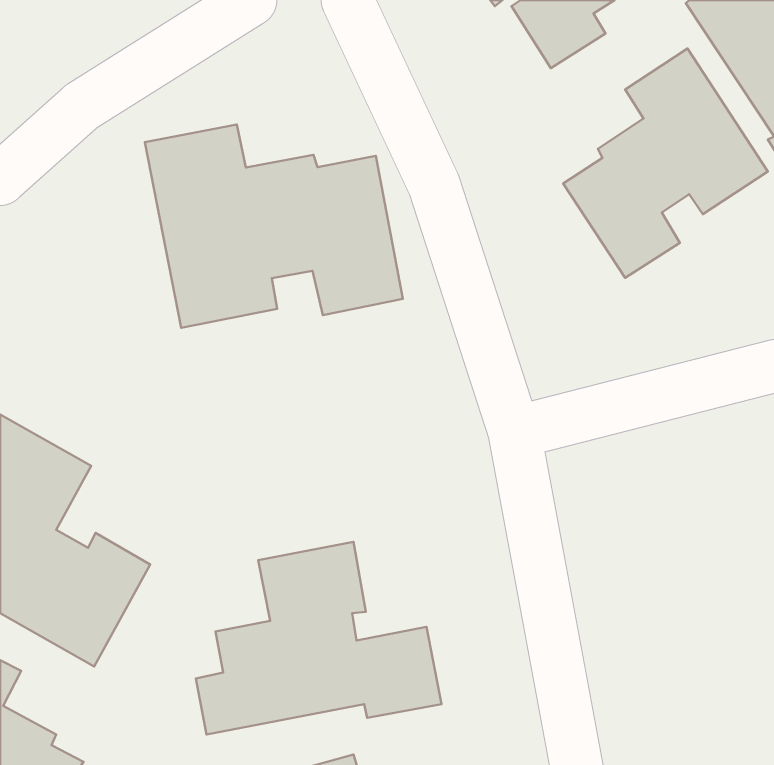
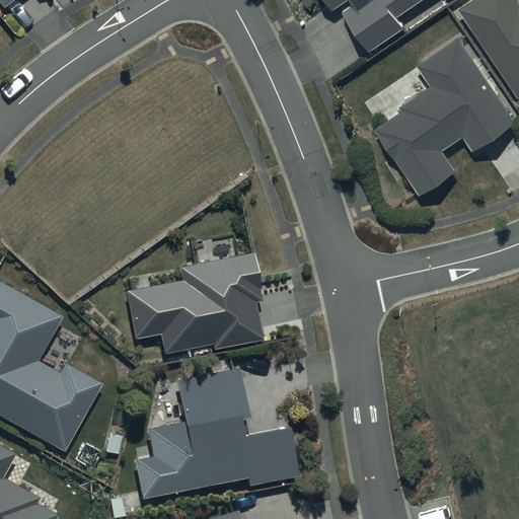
building: [145,124,403,328] -> none
building: none -> [124,255,262,355]

